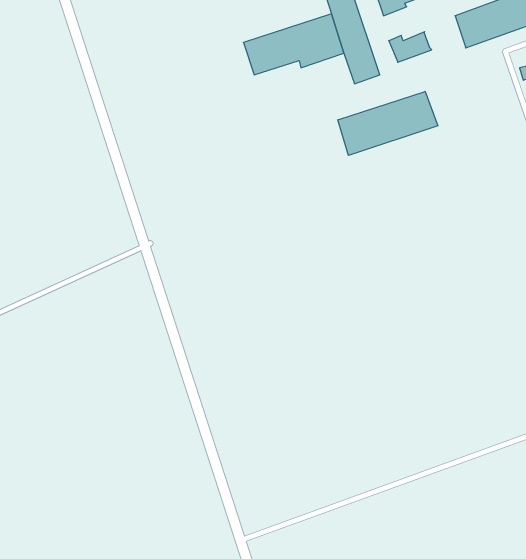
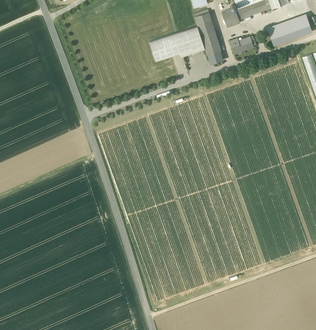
building: [338,91,438,155] -> none

